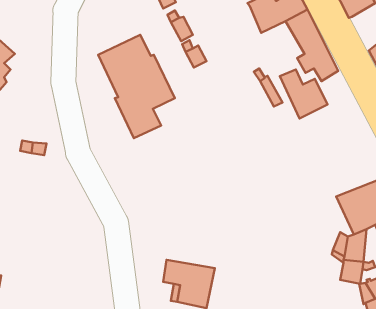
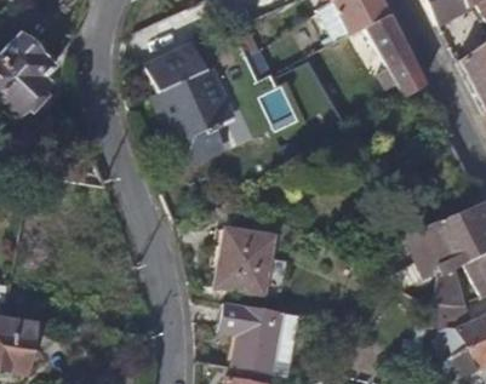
building: [280,70,328,119] -> none
building: none -> [221,228,278,296]

